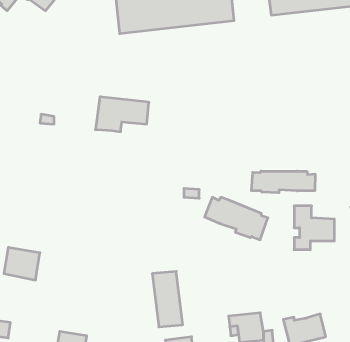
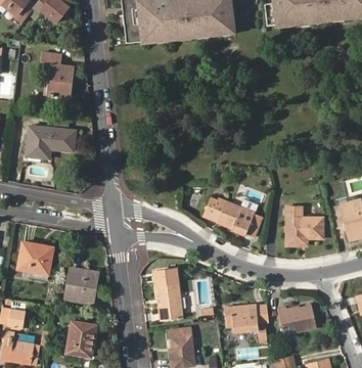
building: none -> [40,54,71,98]
building: [95,97,149,132] -> [24,127,74,159]
building: [251,171,315,193] -> none
building: none -> [63,269,93,304]

